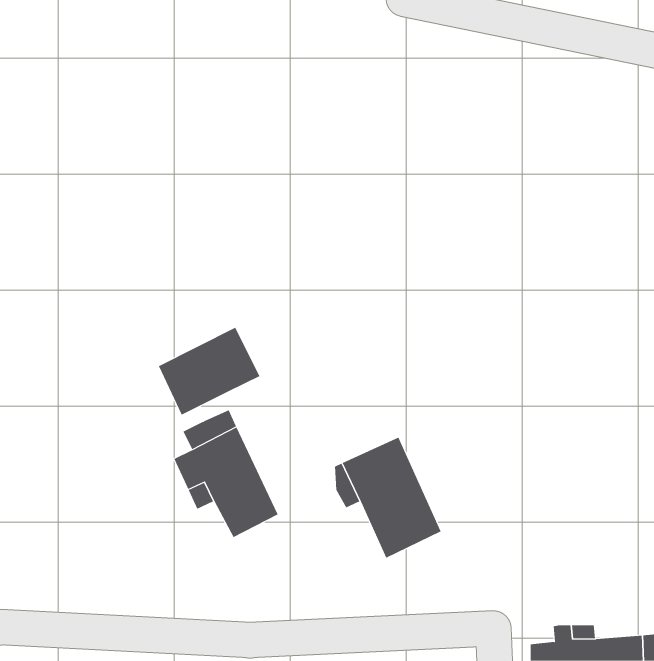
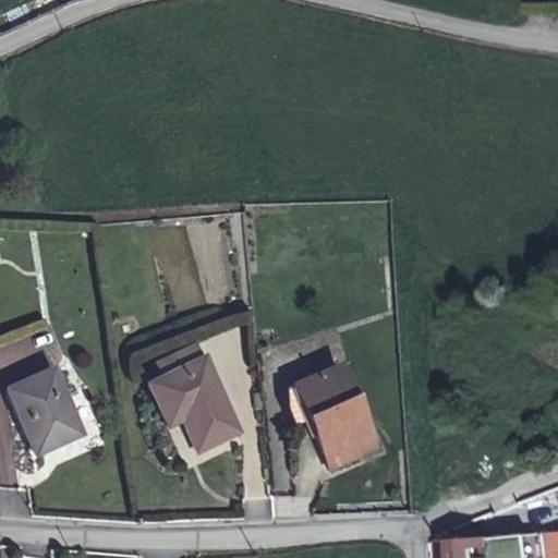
building: [158,327,260,416] -> none
building: none -> [12,369,86,454]

